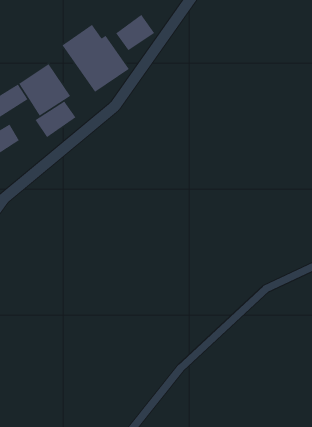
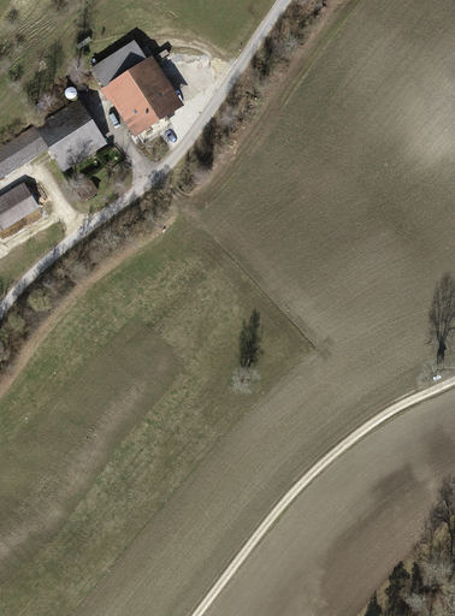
building: [115,14,155,51] -> none
building: [35,100,76,138] -> none

